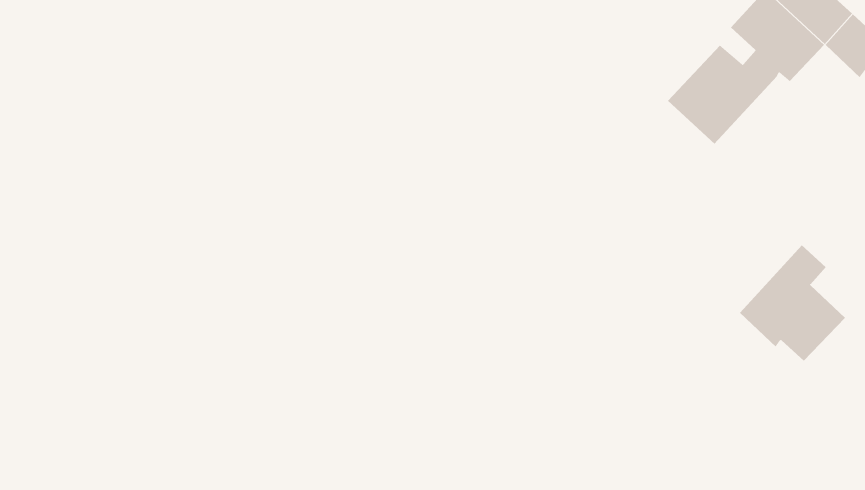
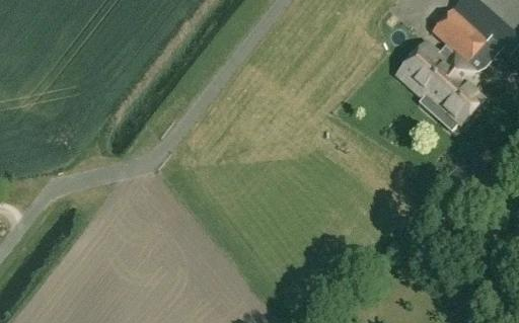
building: [739,244,846,362] -> [422,60,484,128]

